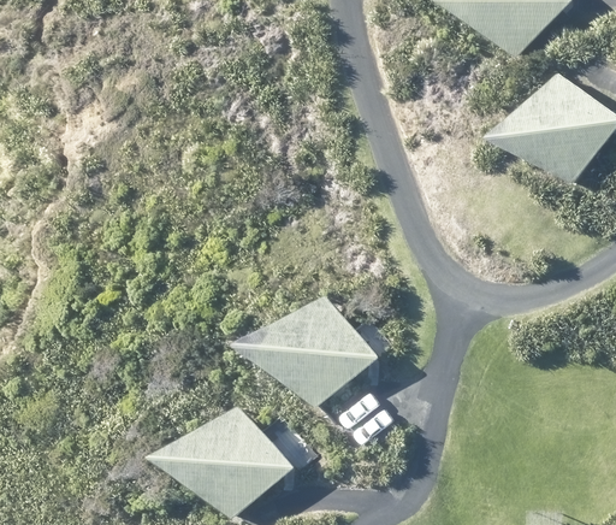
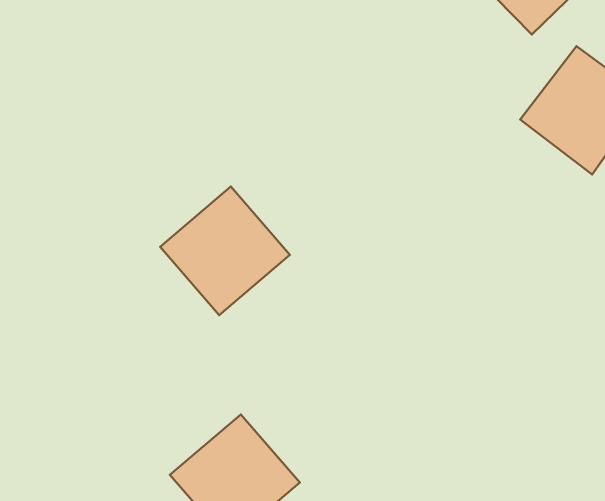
building: [262,290,381,408] -> [160,187,290,315]

